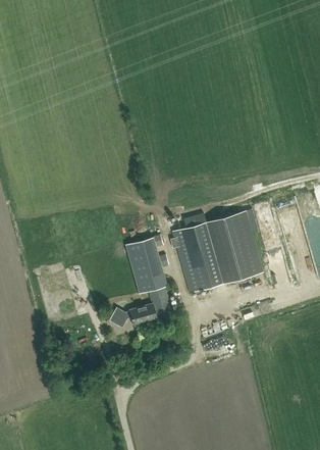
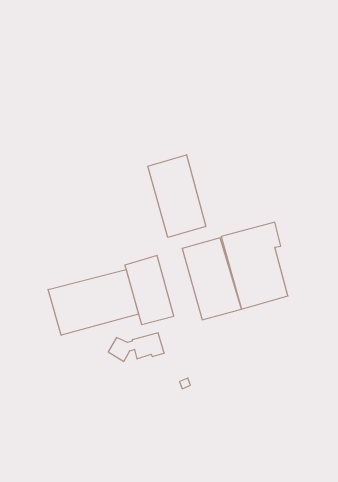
building: none -> [148,155,206,237]
building: none -> [48,269,139,335]

